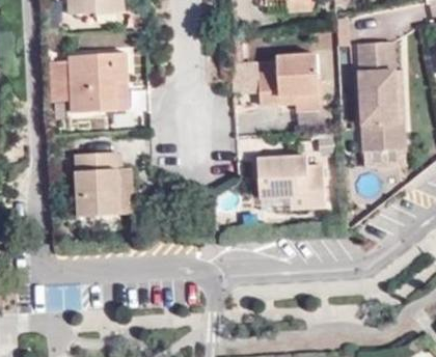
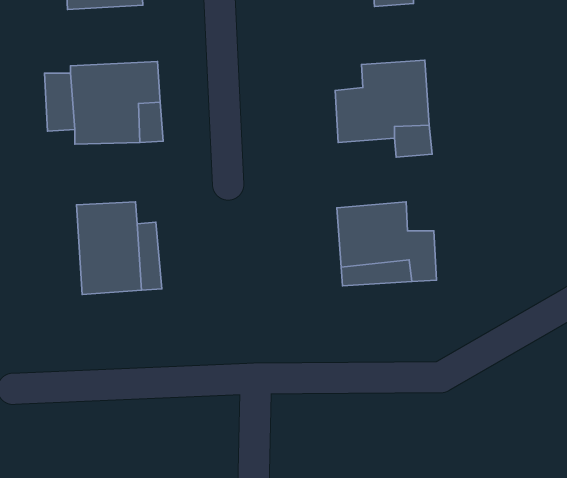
building: [354,42,405,154] -> none

